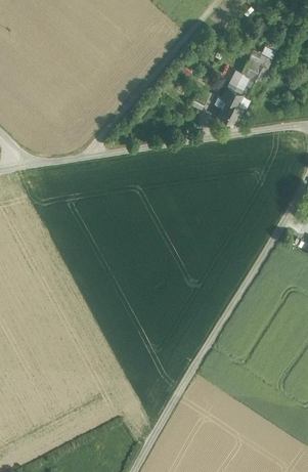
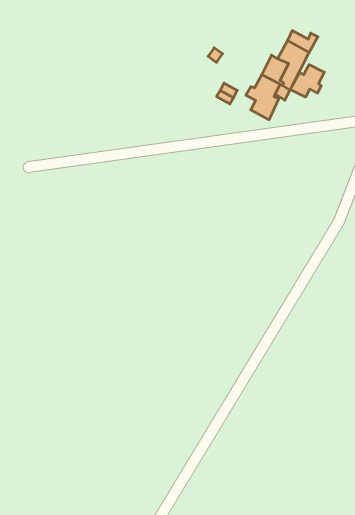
building: none -> [290,65,324,97]

